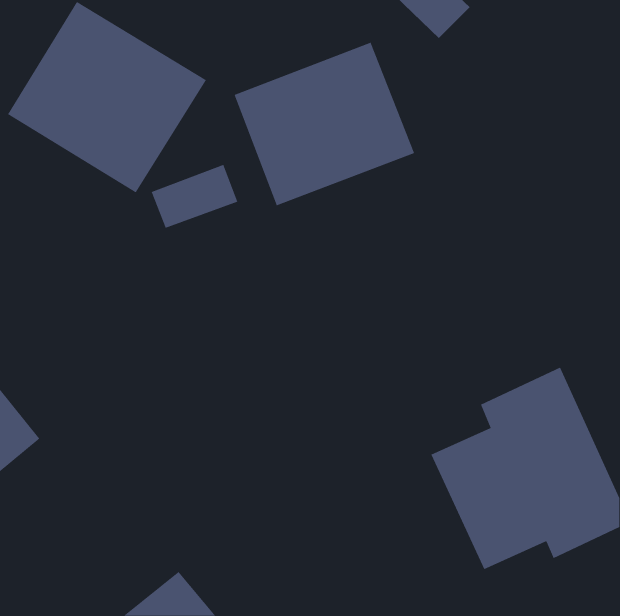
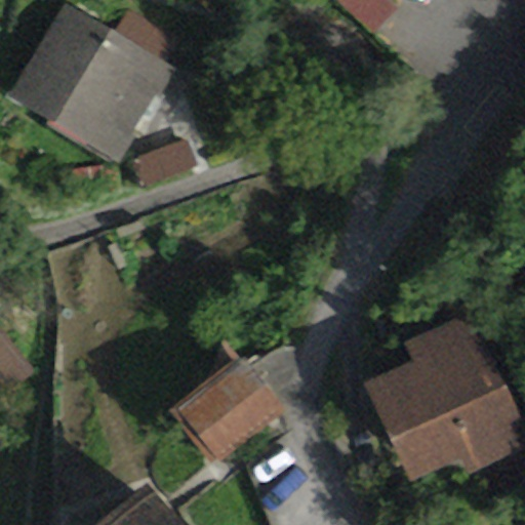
building: [234,42,415,206] -> none
building: none -> [172,356,286,466]

